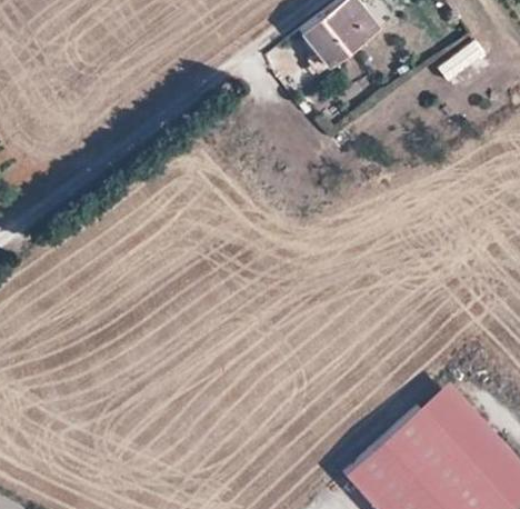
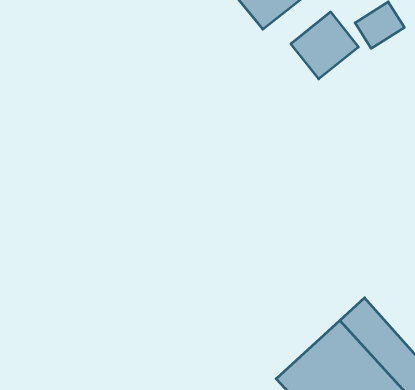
building: none -> [291,12,358,79]

